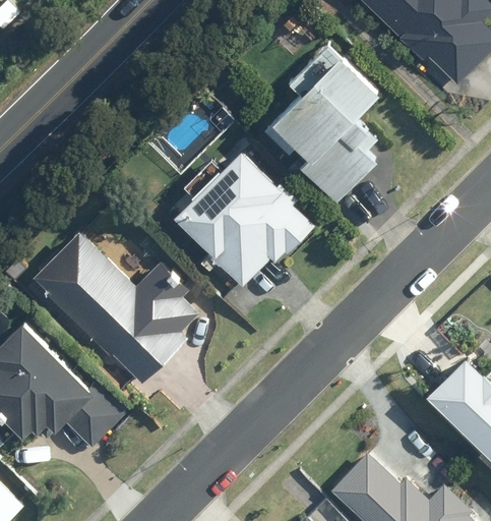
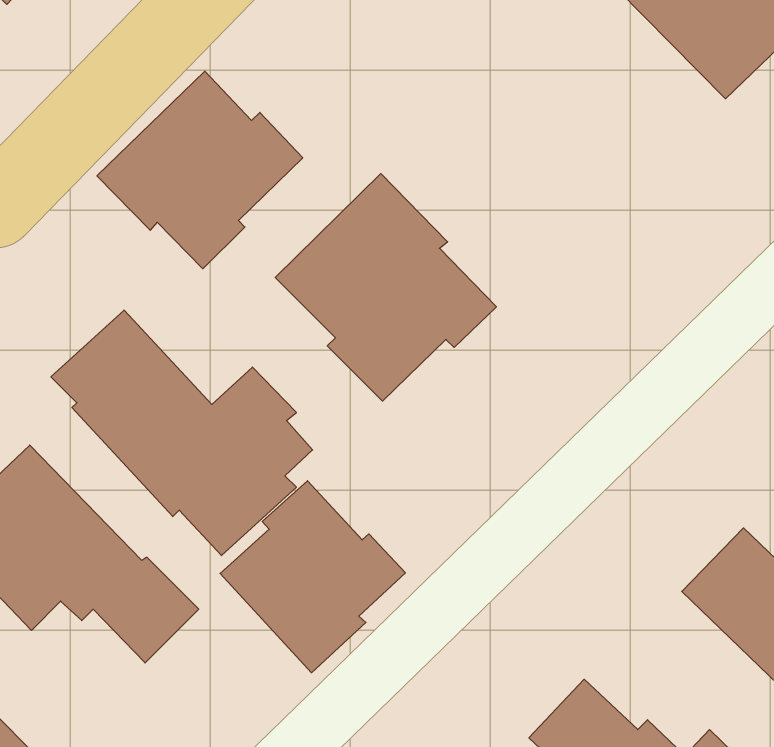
building: [263,46,378,199] -> none
building: none -> [97,71,303,269]
building: none -> [220,481,405,673]

